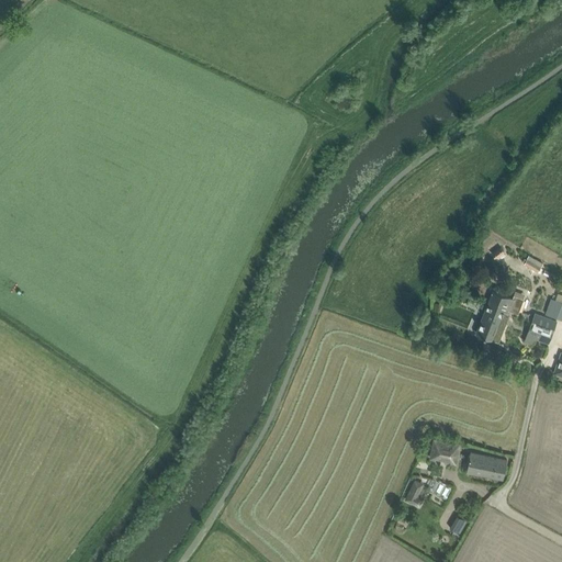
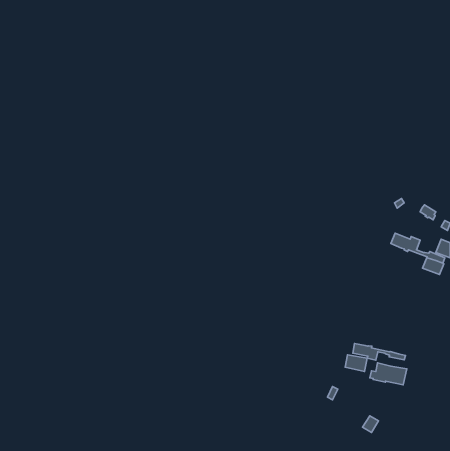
building: [475,303,507,340] -> none
building: none -> [353,344,405,360]

